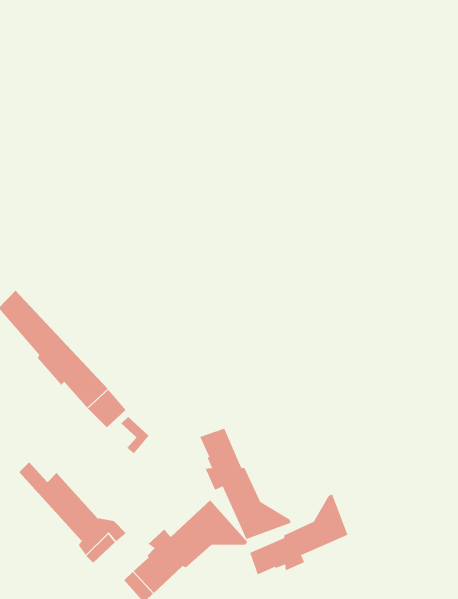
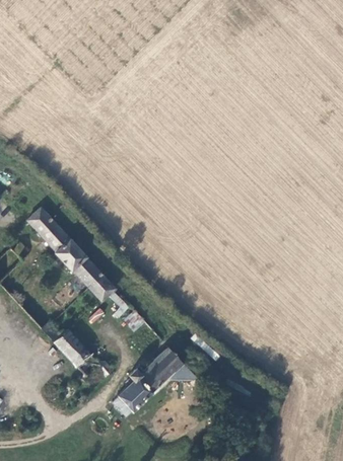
building: [199,428,291,540] -> none
building: [249,494,348,575] -> none

